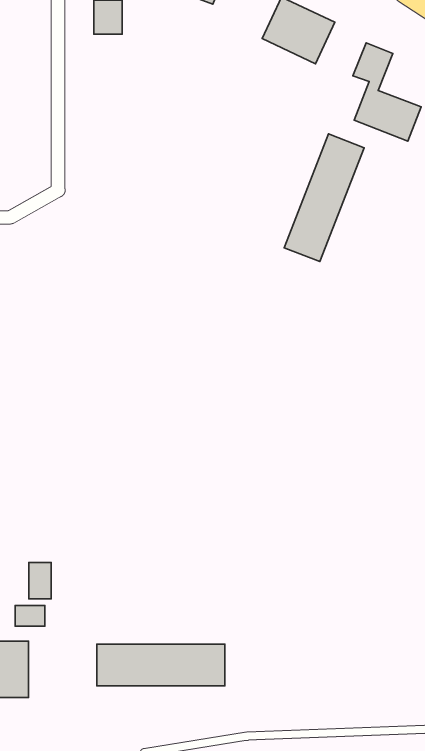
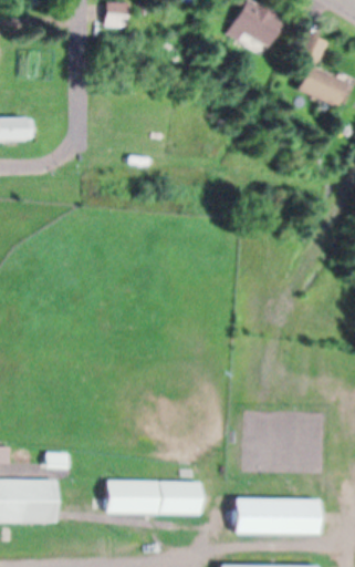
building: [284,134,364,262] -> none
building: [29,562,51,599] -> none
building: none -> [236,499,321,533]

